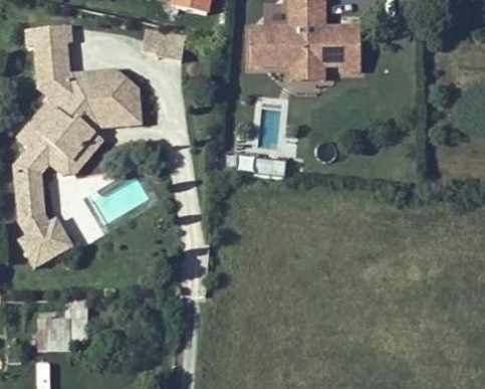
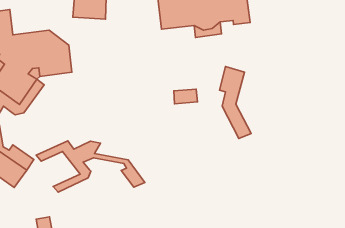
building: none -> [219,67,251,138]
building: none -> [36,141,145,192]

